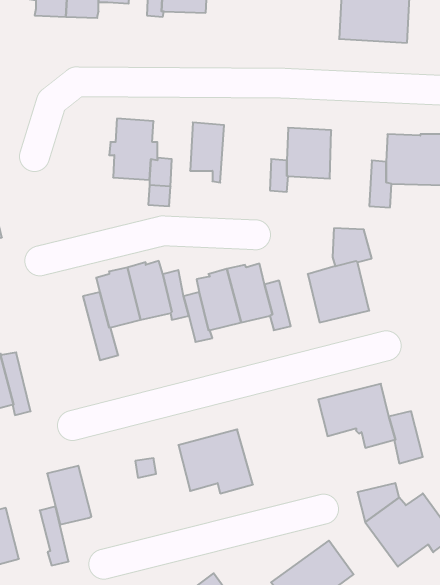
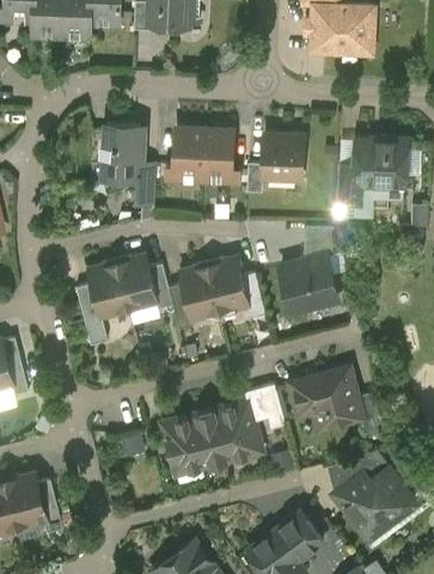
building: none -> [202,130,234,183]
building: none -> [218,384,287,459]
building: [47,466,91,524] -> [6,474,47,527]

